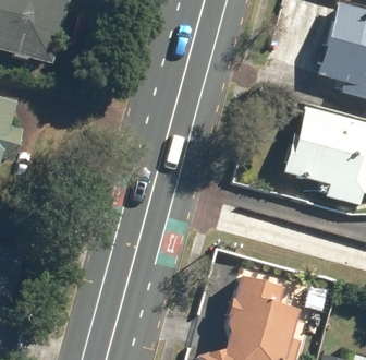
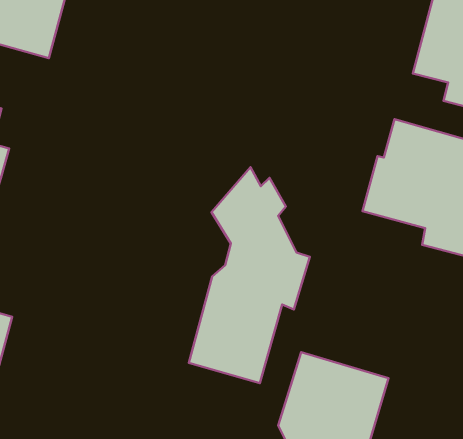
building: none -> [189,167,310,383]

